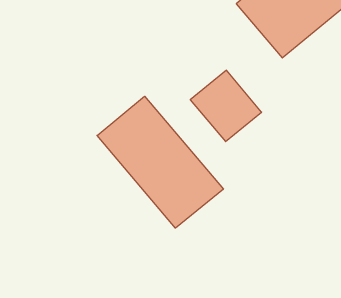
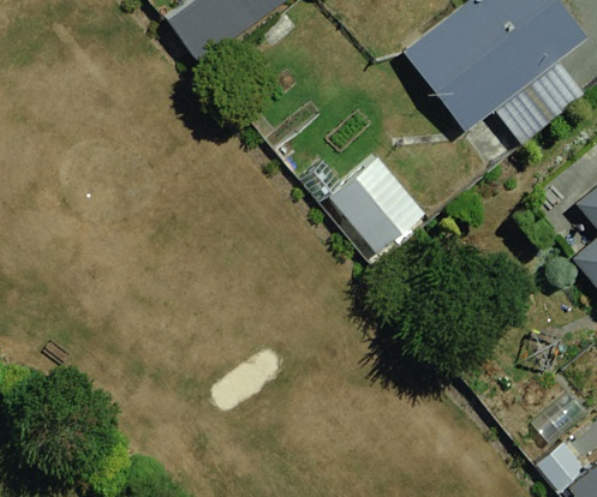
building: [97,96,223,228] -> none

